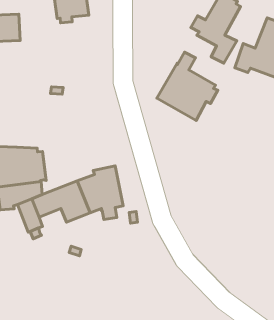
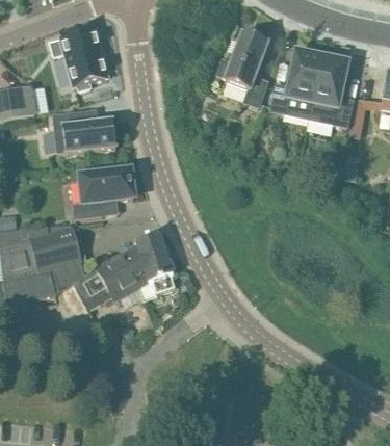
building: none -> [53,110,115,153]
building: [157,52,218,120] -> none
building: none -> [73,170,133,217]

